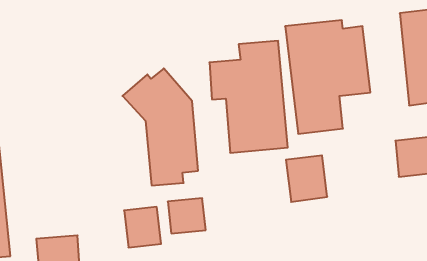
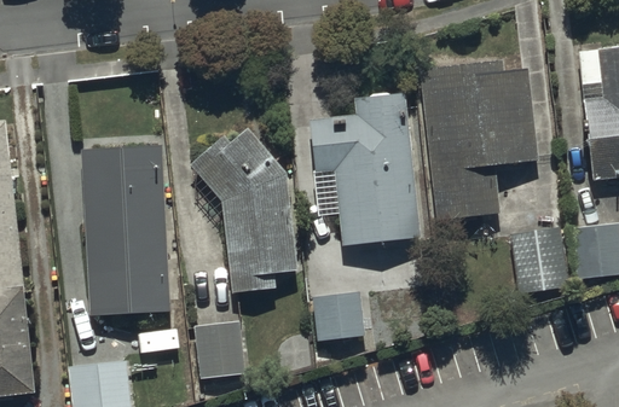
building: none -> [81,146,170,315]
building: [286,155,327,202] -> [511,228,569,293]
building: [168,198,206,233] -> [312,291,365,341]

